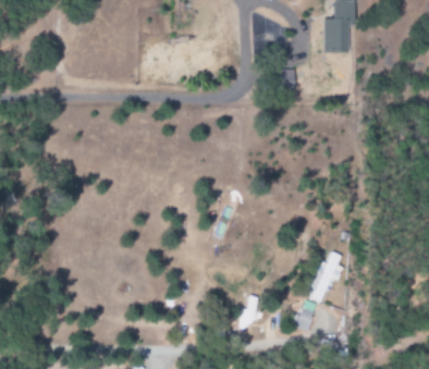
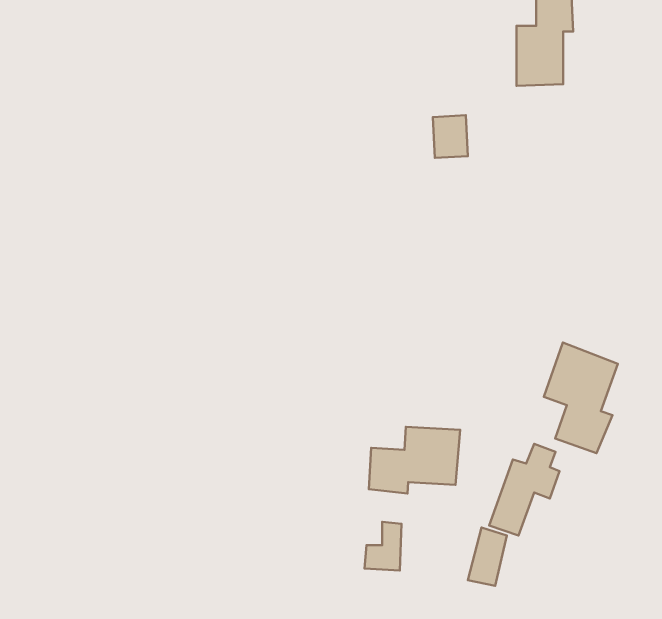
building: none -> [544,343,618,453]
building: none -> [369,427,460,494]

